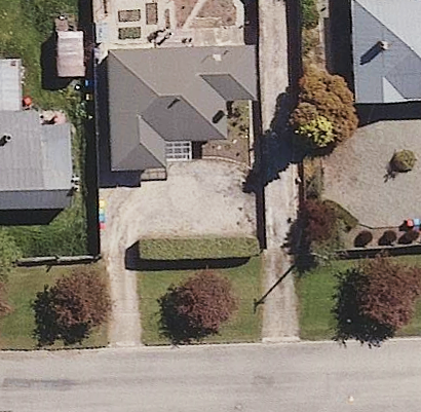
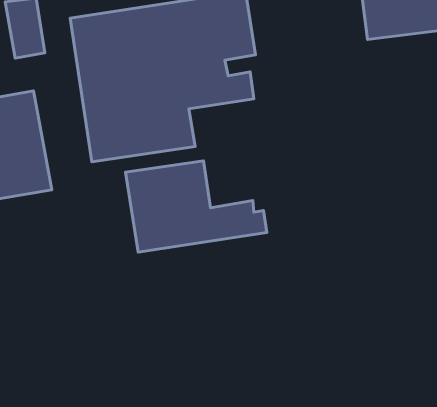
building: none -> [126,161,267,252]

